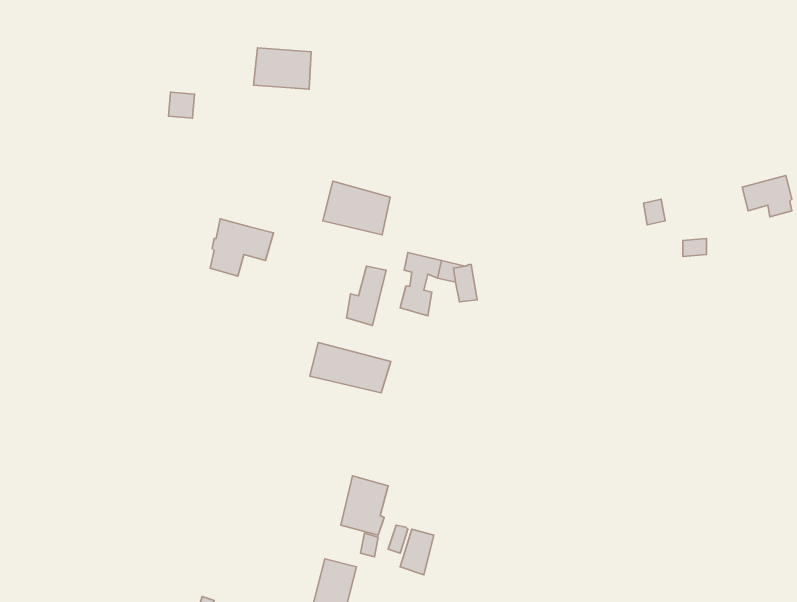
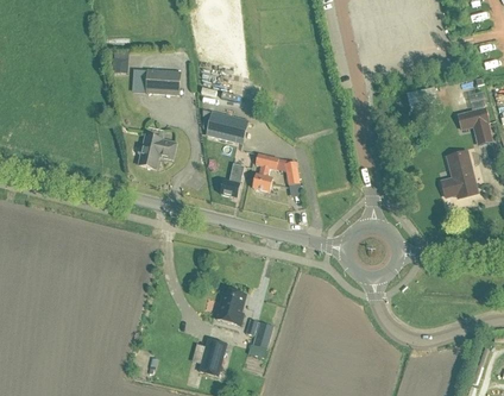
building: [254,48,311,89] -> [145,69,179,94]
building: none -> [440,150,475,196]
building: [310,343,391,393] -> none

